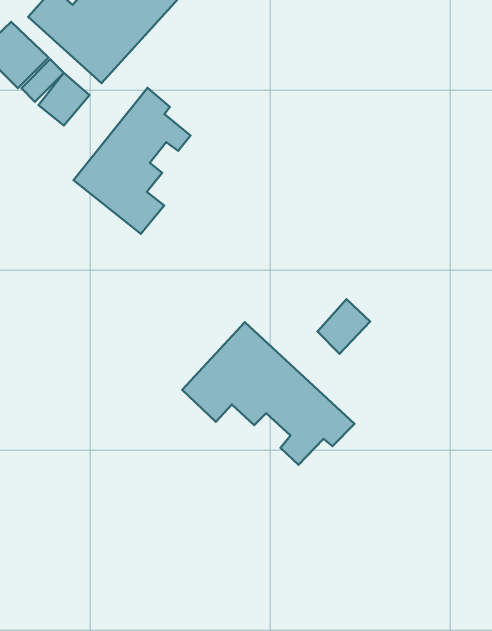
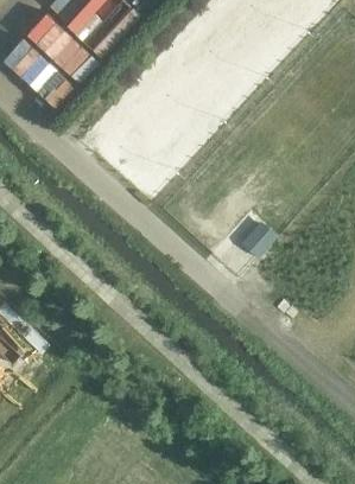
building: [74,88,191,234] -> none
building: [182,322,354,465] -> none

